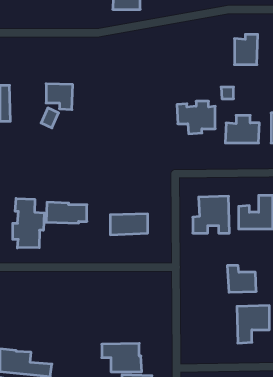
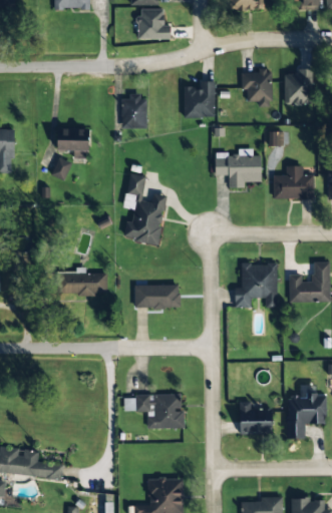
building: none -> [242,68,272,107]
building: none -> [185,81,216,118]
building: none -> [121,96,147,129]
building: none -> [124,174,167,244]
building: [13,198,44,248] -> none
building: [227,266,256,292] -> [239,402,274,434]
building: [102,343,142,372] -> [137,395,186,429]

